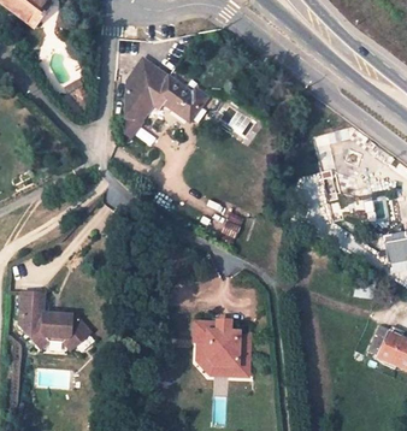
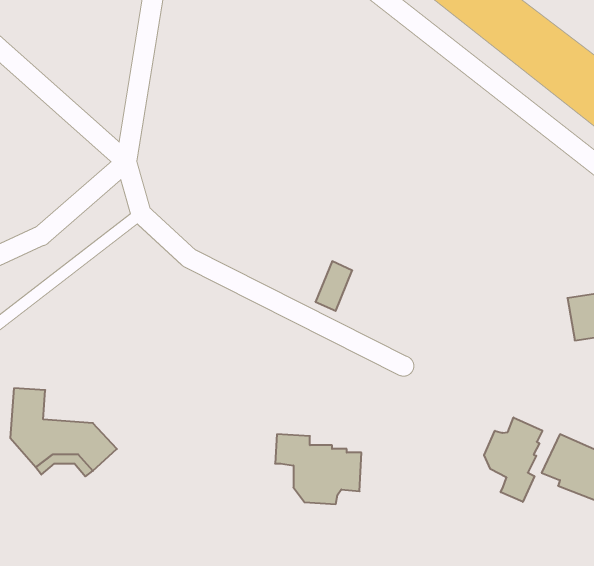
building: [124,59,207,119] -> none
building: none -> [484,417,542,502]
building: [194,342,247,379] -> none

